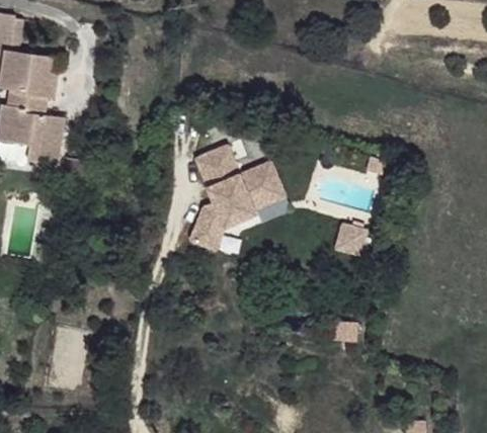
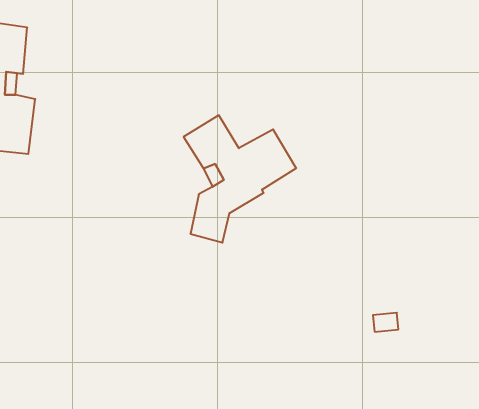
building: [337,223,370,255] -> none

